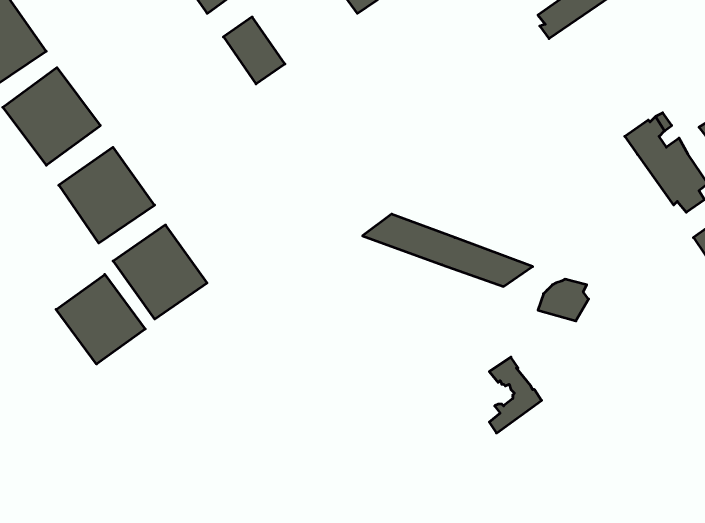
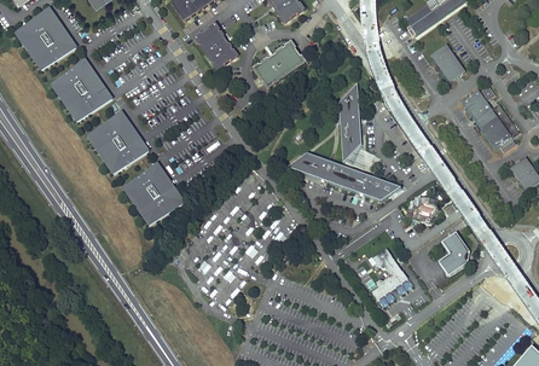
building: none -> [255,41,306,88]
building: none -> [431,47,466,86]
building: none -> [340,86,363,165]
building: [56,274,145,364] -> none
building: none -> [440,234,470,279]

